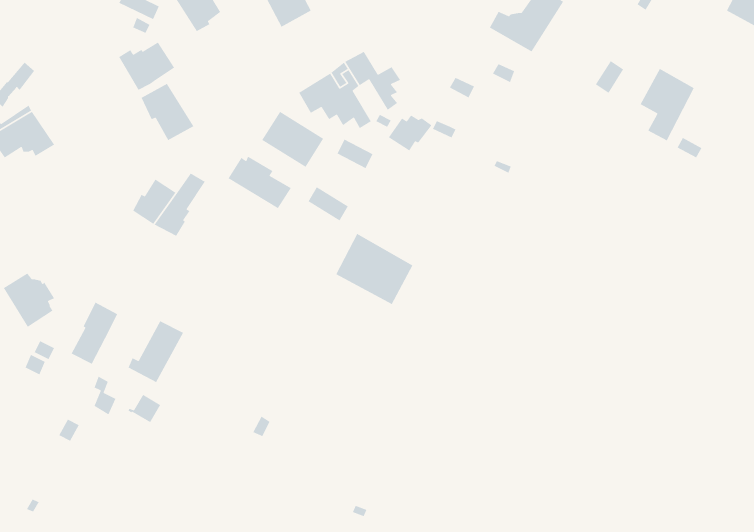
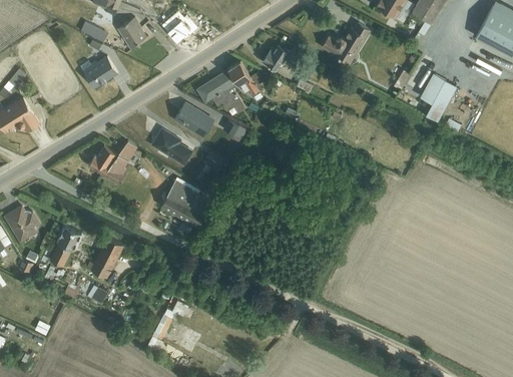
building: [140,83,194,141] -> none
building: [388,114,432,151] -> [263,46,292,70]
building: [335,233,414,305] -> [161,179,212,227]

